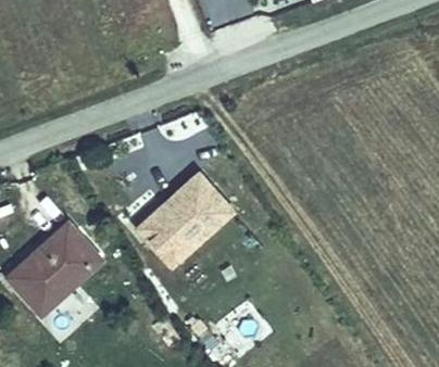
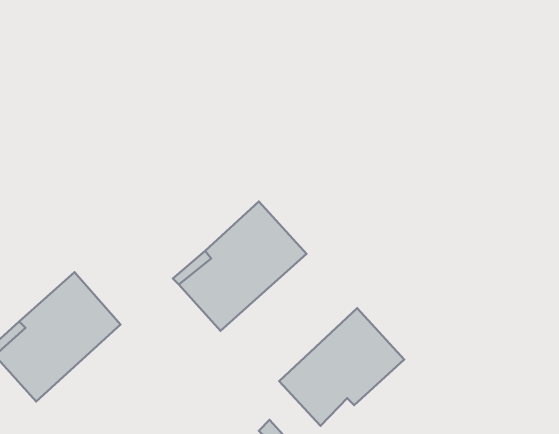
building: none -> [279,308,404,426]

